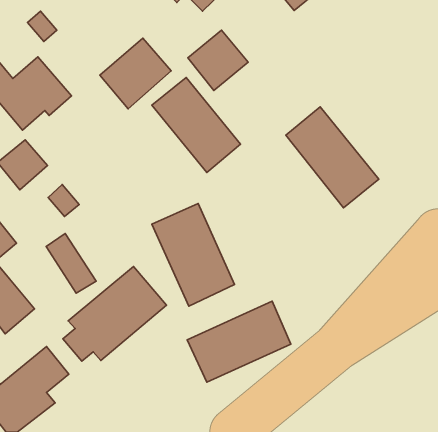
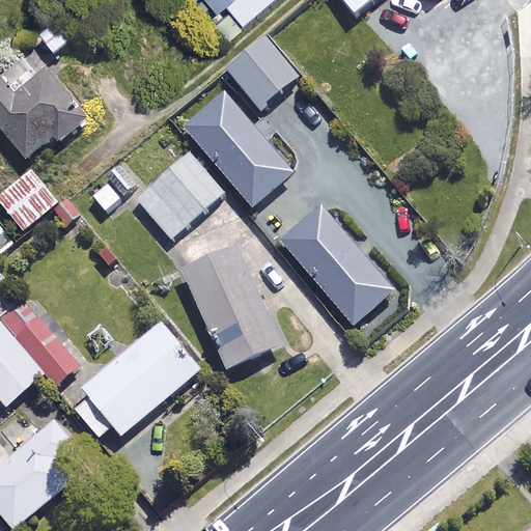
building: [100,38,171,109] -> [136,150,222,235]
building: [286,107,379,208] -> [279,204,391,326]
building: [46,234,96,293] -> [18,309,78,381]
building: [187,301,291,382] -> none

